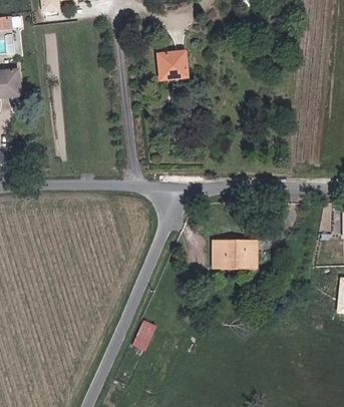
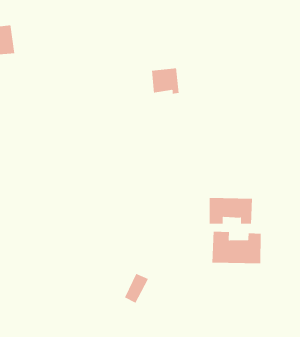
building: [159,50,189,77] -> [151,68,180,94]
building: none -> [212,231,261,264]

